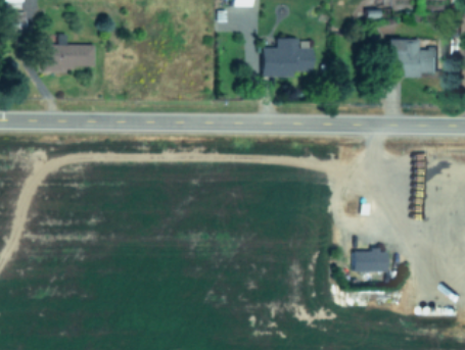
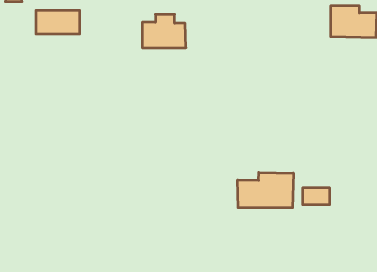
building: [263,38,314,77] -> [142,14,186,48]
building: none -> [238,172,293,208]

